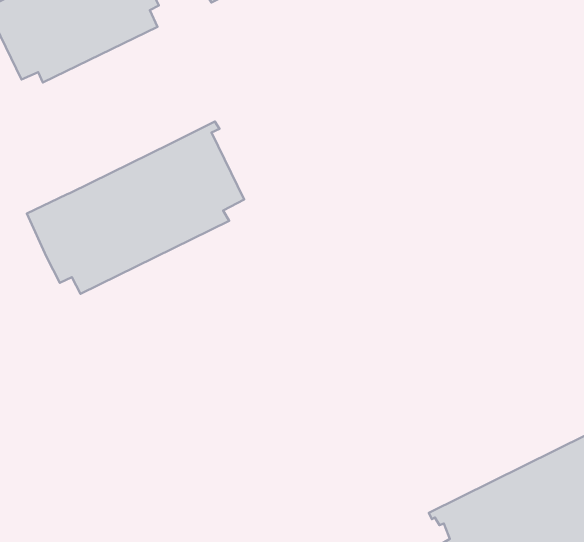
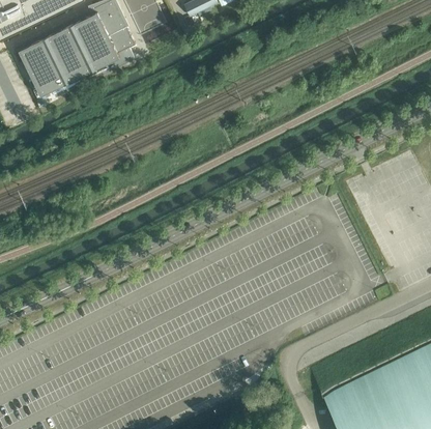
building: [27,121,244,294] -> none

